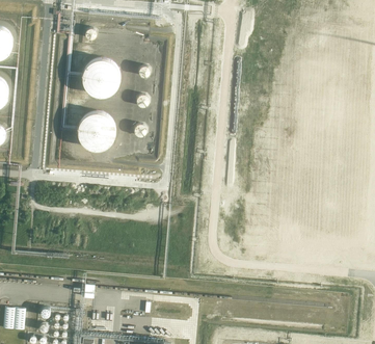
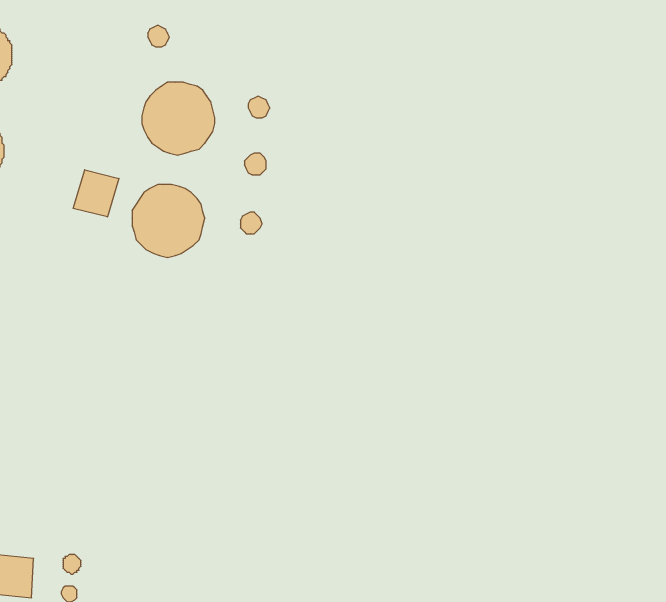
building: none -> [73,170,119,217]

